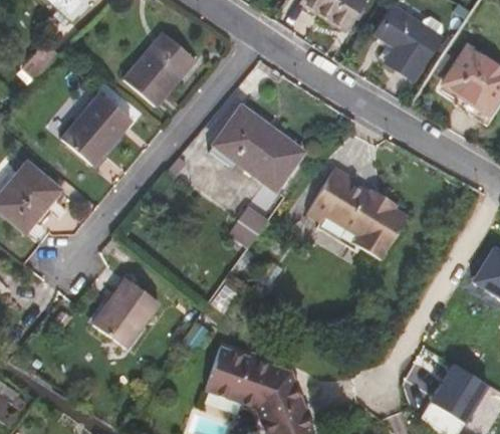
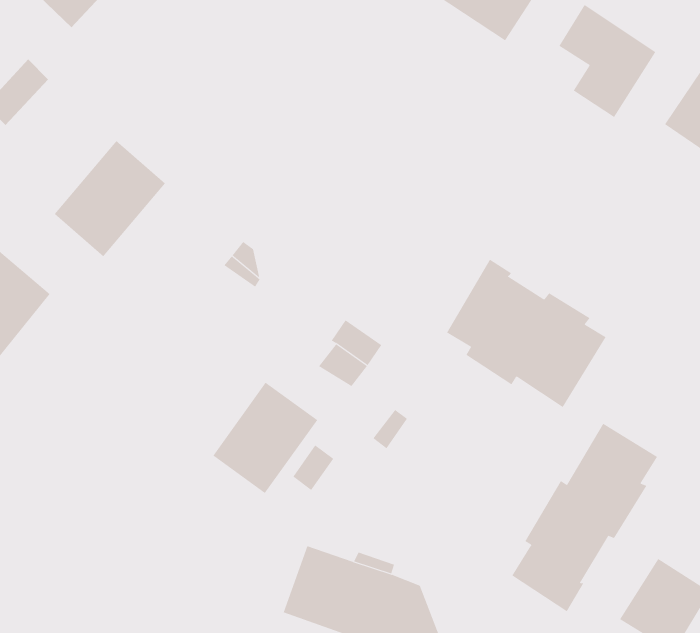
building: [122,31,195,105] -> none
building: [213,105,302,189] -> none
building: none -> [512,423,658,612]
building: [92,277,159,348] -> [212,382,318,494]

